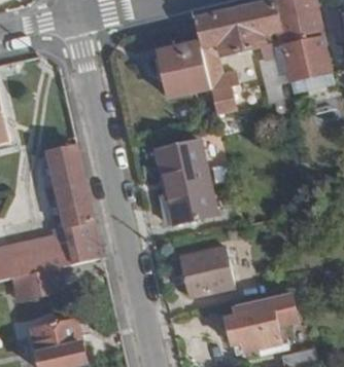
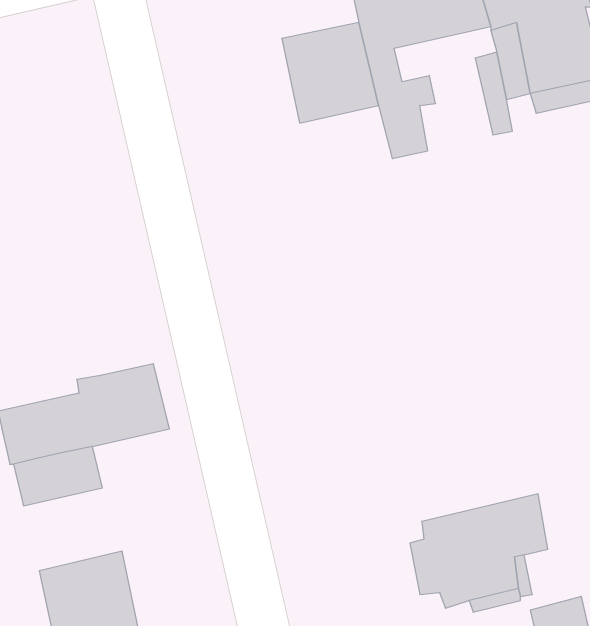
building: [157,138,215,220] -> none
building: [48,146,93,227] -> none
building: [182,247,233,295] -> none

